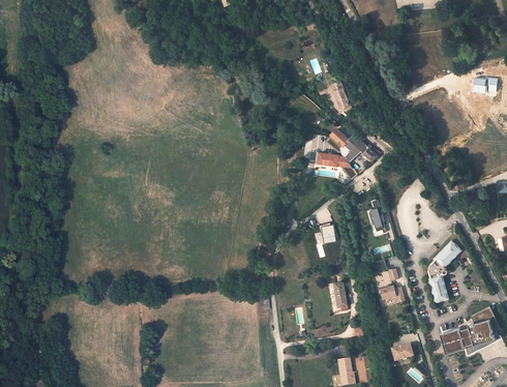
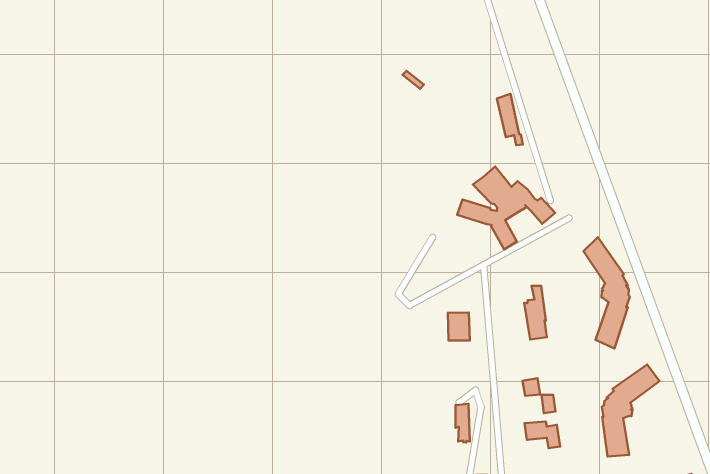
building: none -> [583,237,630,349]

